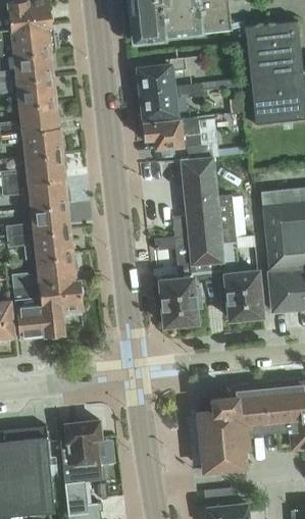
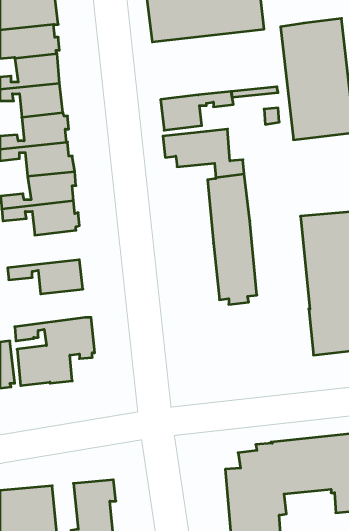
building: [138,57,200,91] -> none
building: [217,195,261,318] -> none
building: [6,204,69,237] -> none
building: [159,215,201,325] -> none
building: [11,255,77,288] -> none

